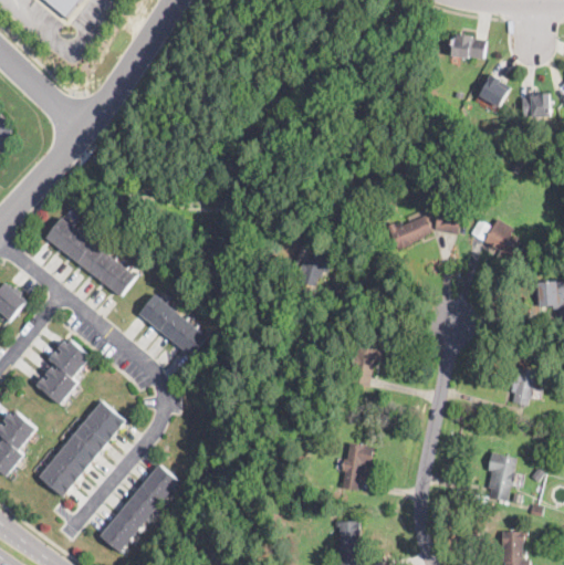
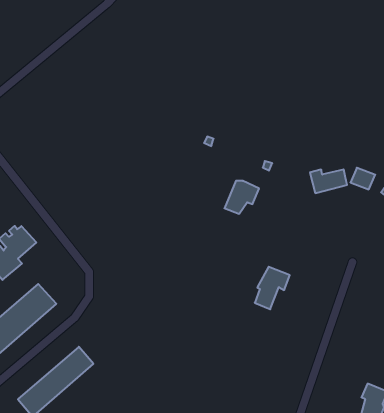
building: [44,218,136,294] -> none
building: [138,294,206,355] -> none
building: [341,441,372,490] -> none

